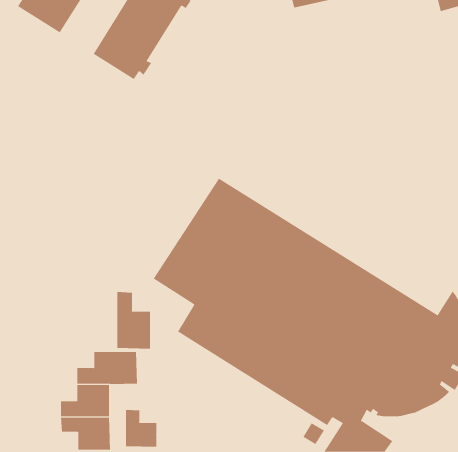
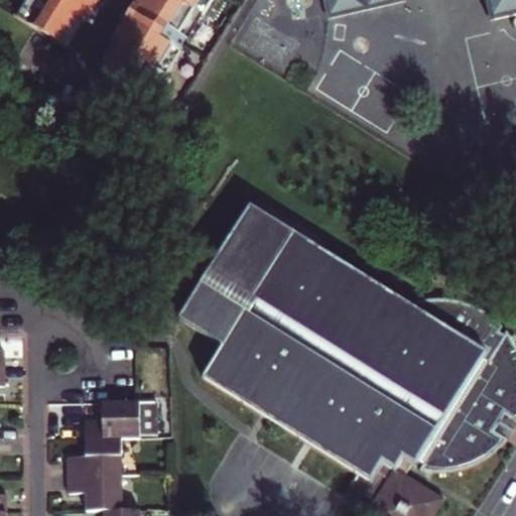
building: [117,291,151,350] -> none
building: [125,409,157,447] -> none

